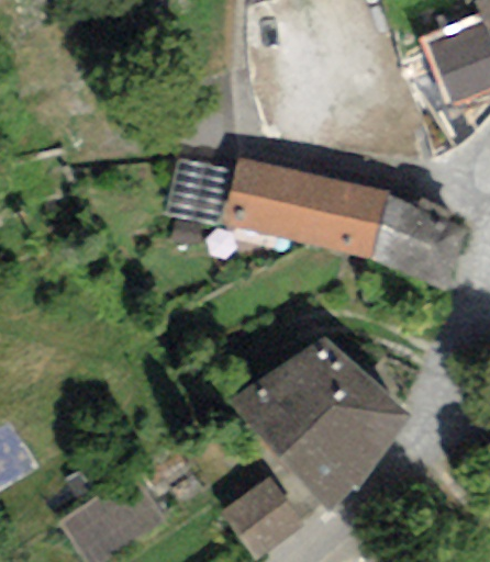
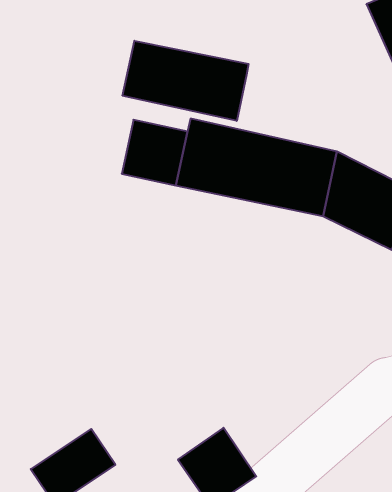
building: none -> [123,41,249,121]
building: [231,336,410,510] -> none

